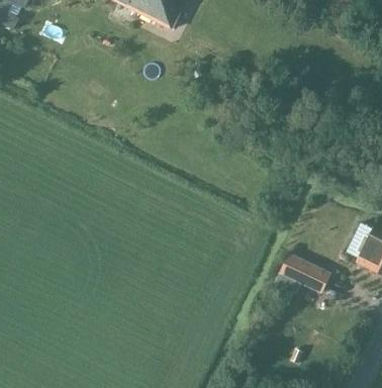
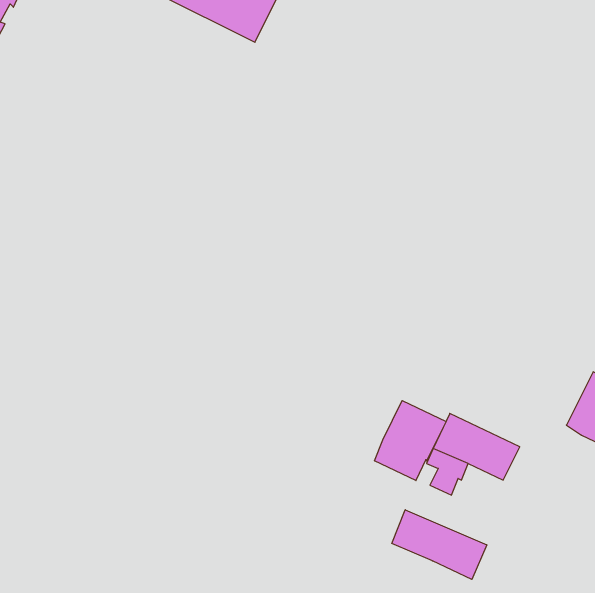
building: none -> [375,401,446,481]
building: none -> [392,510,487,579]

